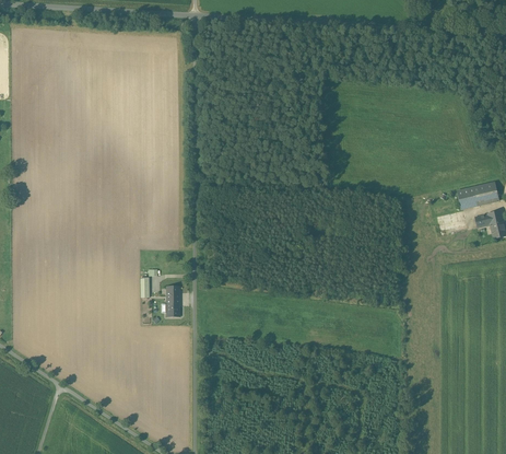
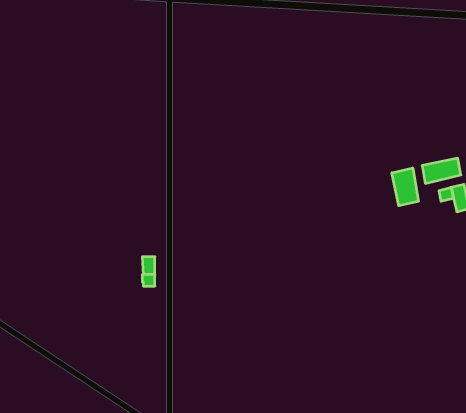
building: none -> [392,168,418,206]

